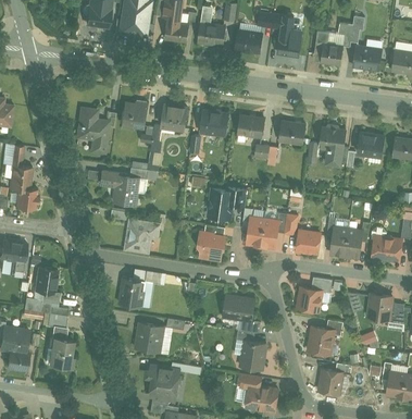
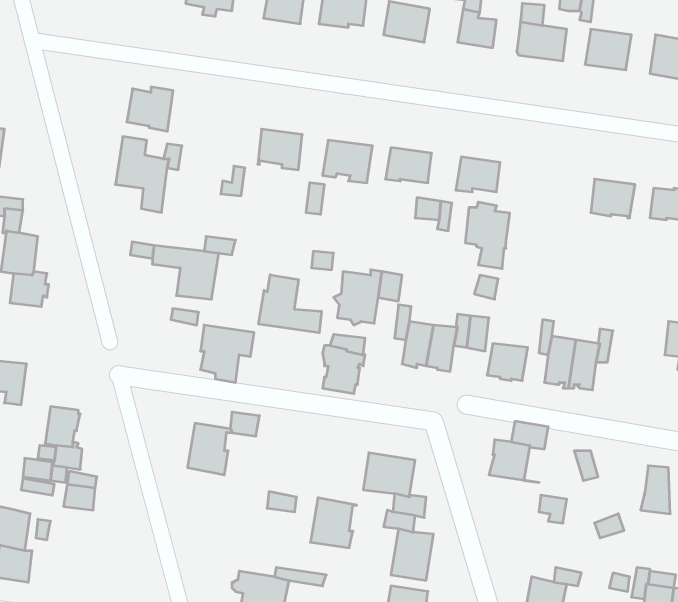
building: [121,101,148,127] -> [127,87,173,131]
building: [319,124,345,163] -> [465,202,510,269]
building: none -> [259,275,321,333]
building: [371,235,401,260] -> none
building: [366,294,391,320] -> none
building: [135,322,162,352] -> [310,498,357,548]
building: [309,328,333,355] -> none
building: [50,331,72,368] -> none

